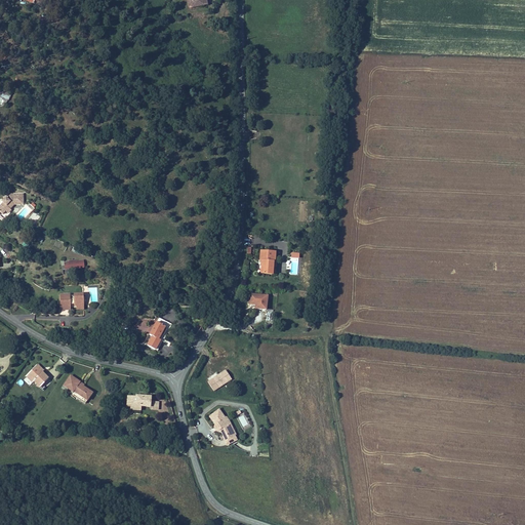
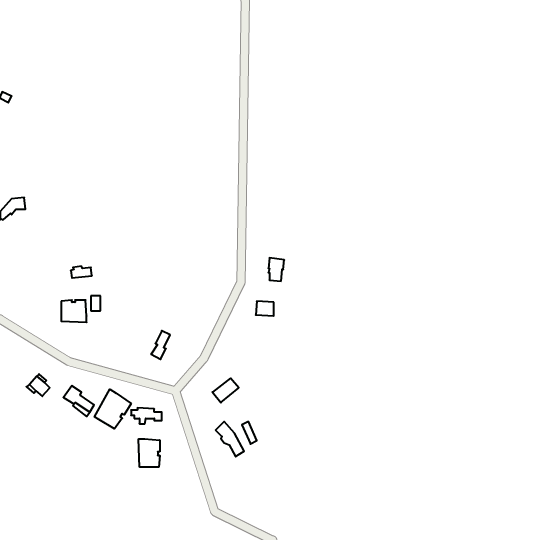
building: none -> [95,389,131,429]
building: none -> [139,439,160,467]

